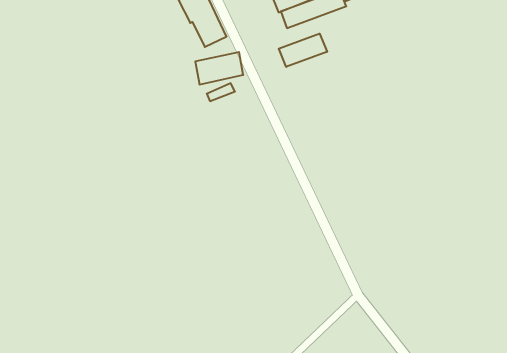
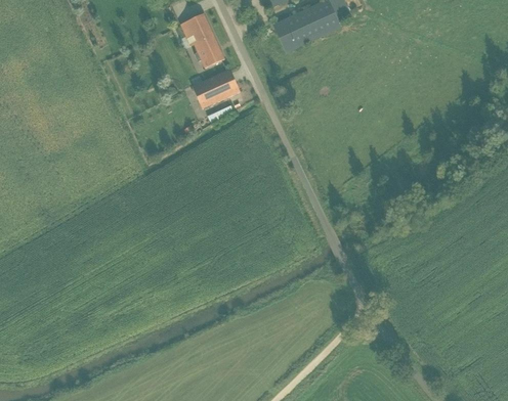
building: [279,34,327,67] -> none

